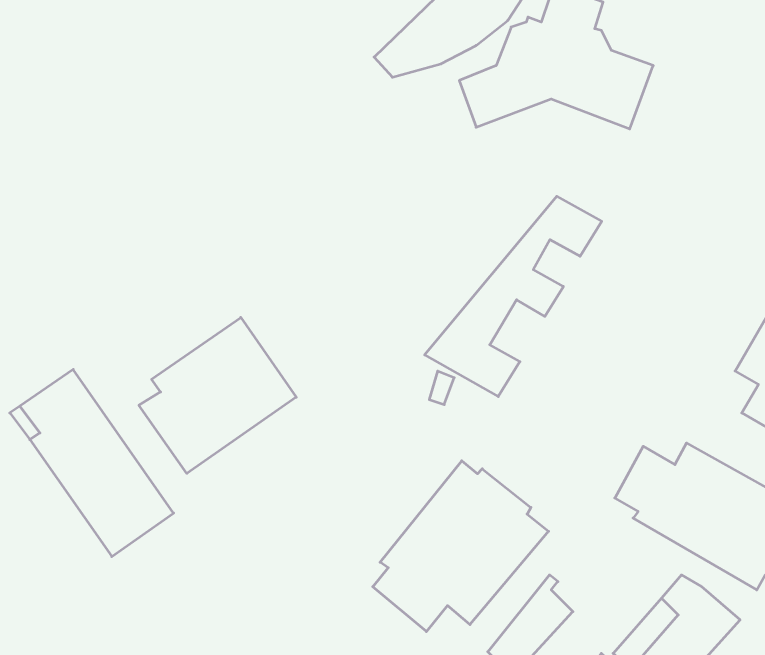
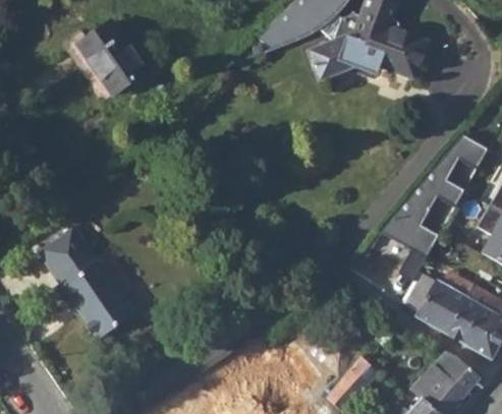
building: none -> [76,20,147,96]
building: [425,196,602,397] -> [382,134,490,256]
building: [139,317,296,473] -> none
building: [373,461,549,632] -> none

